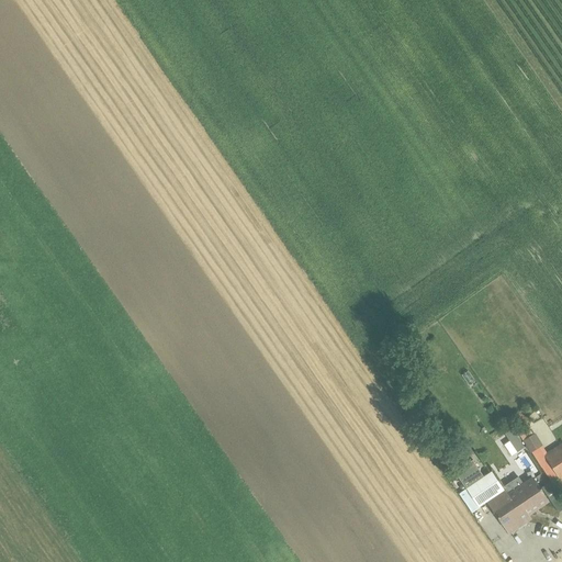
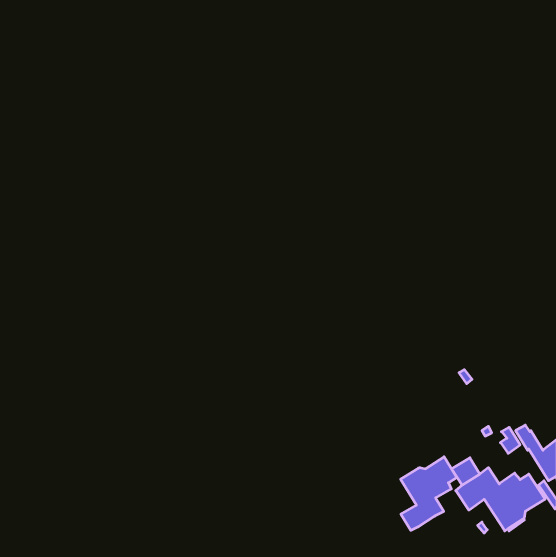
building: none -> [401,457,457,530]

